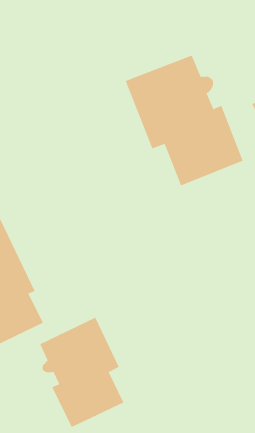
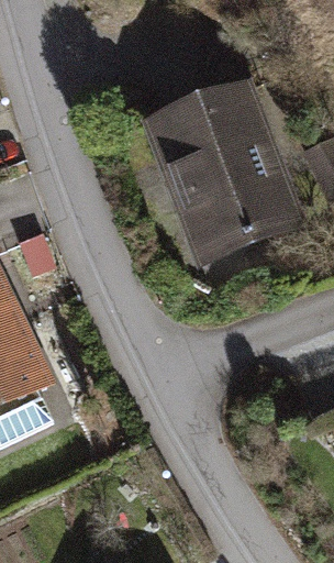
building: [40,317,124,428] -> none

